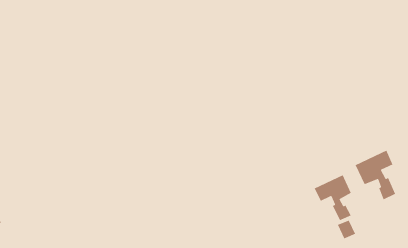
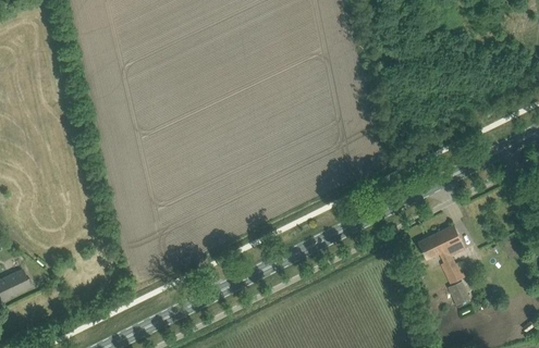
building: [354,149,396,201] -> none

